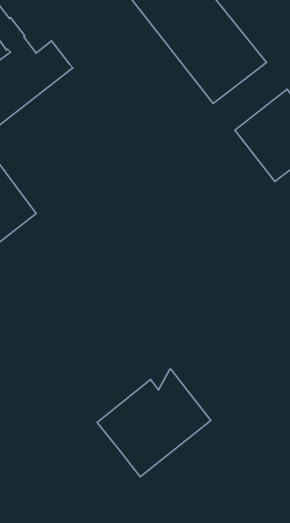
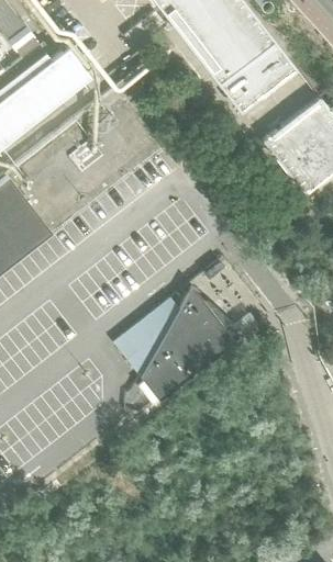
building: [97,369,211,477] -> [113,284,235,400]

